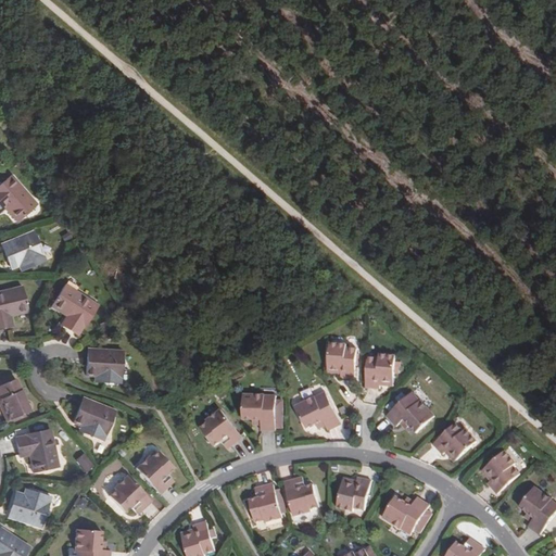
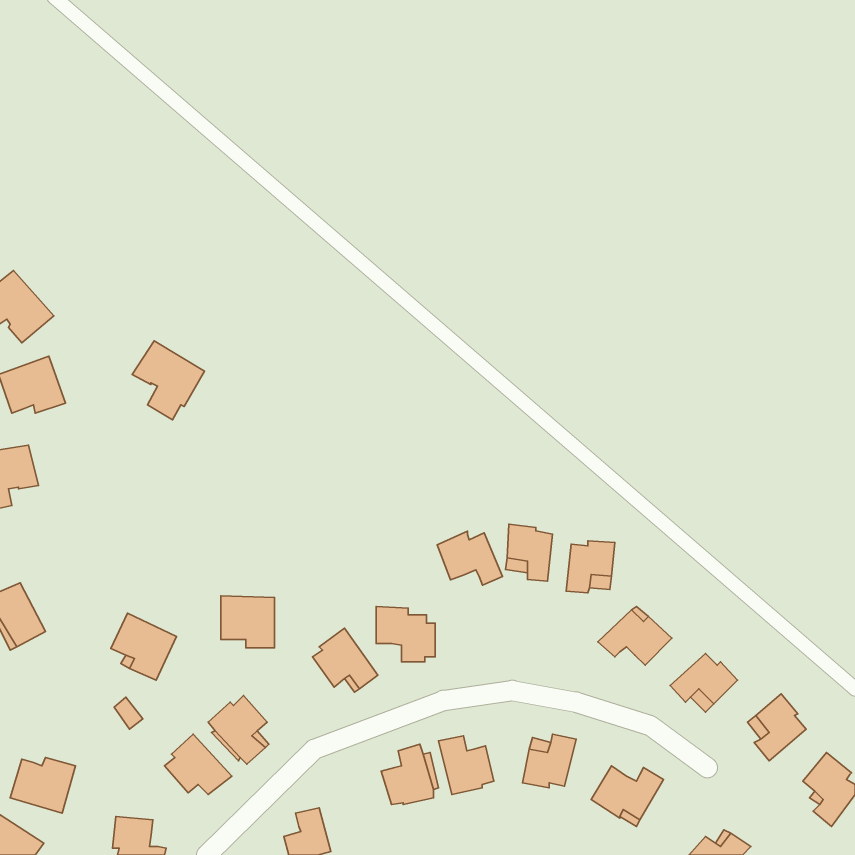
building: [48,285,94,336] -> [132,341,204,420]
building: [86,350,121,383] -> [221,596,275,648]
building: [298,396,340,431] -> [437,531,503,585]
building: [14,428,56,471] -> none

